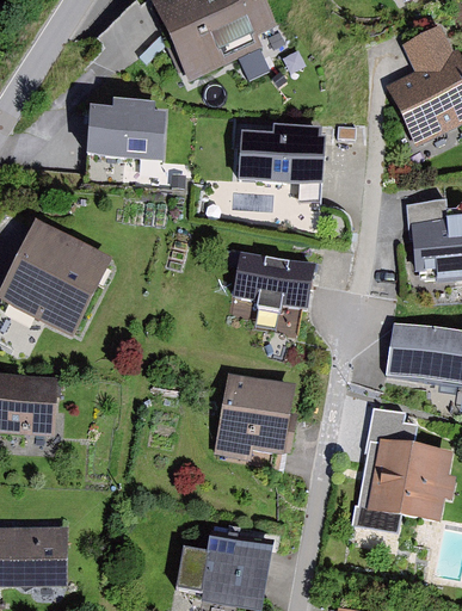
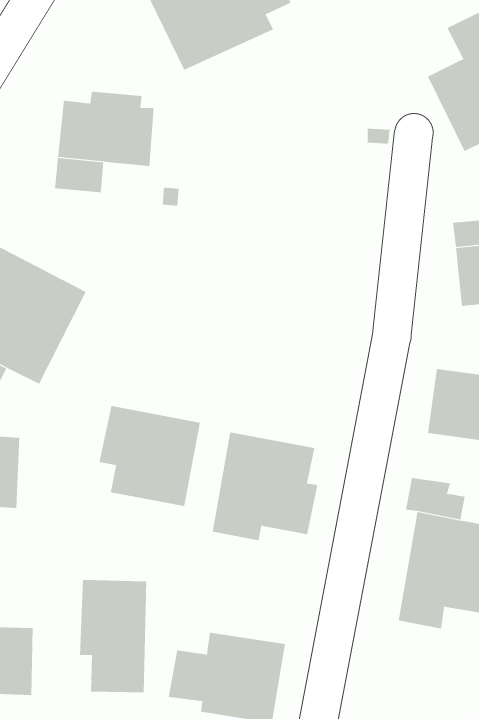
building: [239,122,326,203] -> none
building: [233,258,314,320] -> none
building: none -> [99,405,200,507]
building: none -> [80,579,147,693]

